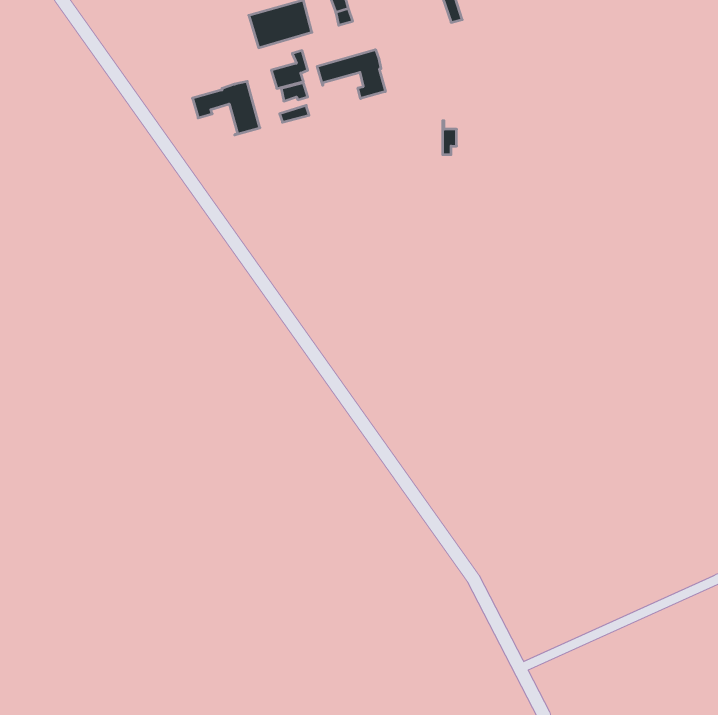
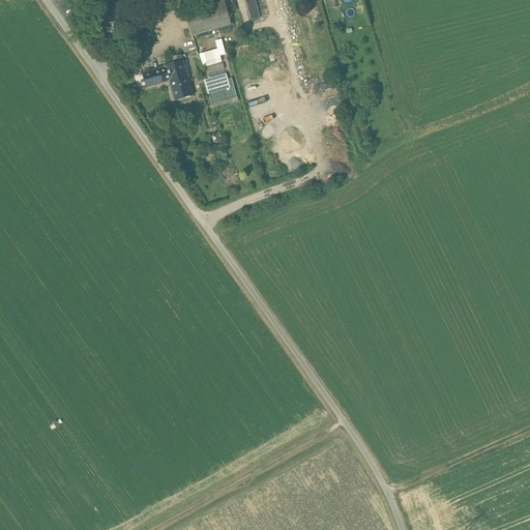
building: [317,50,385,99] -> none

